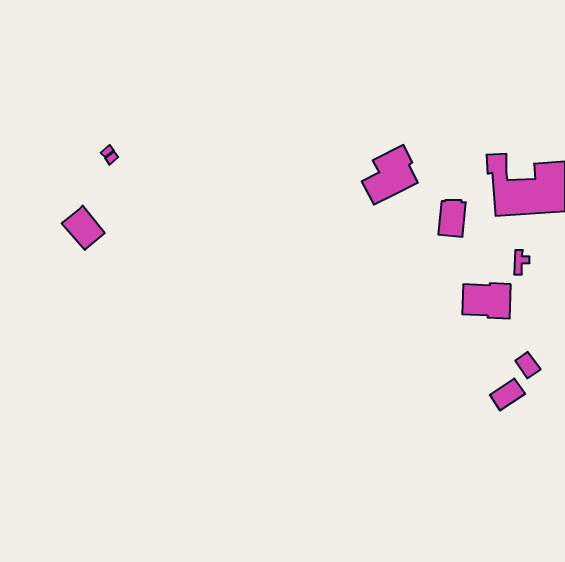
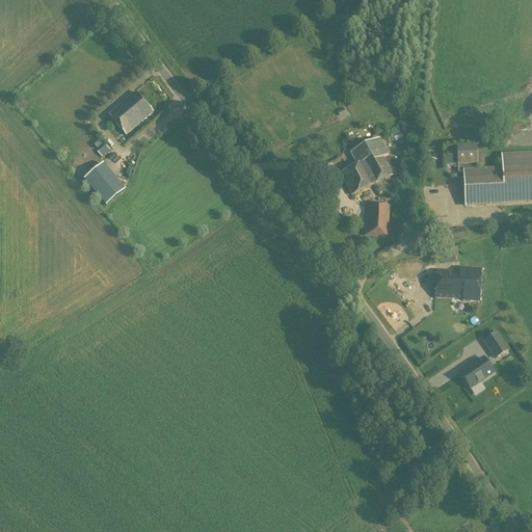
building: none -> [108,89,153,133]
building: [438,200,466,237] -> [364,201,390,235]
building: [62,206,105,250] -> [83,161,124,203]

